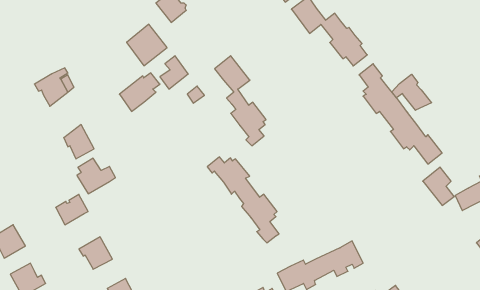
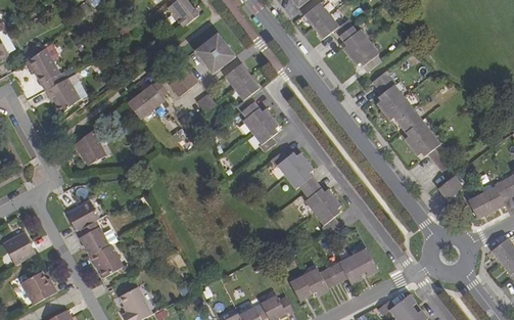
building: [127,24,167,66] -> [197,31,238,73]
building: none -> [28,48,62,90]
building: [392,74,432,110] -> none
building: [207,157,279,243] -> [271,150,343,237]
building: [77,158,115,194] -> [79,221,118,257]

